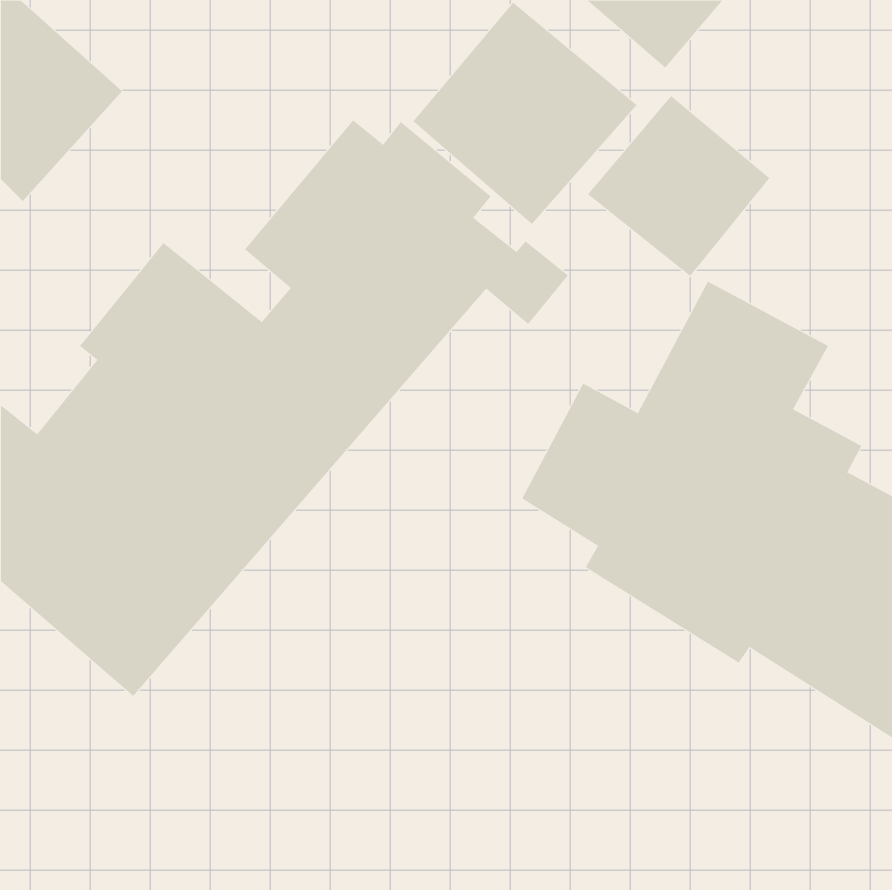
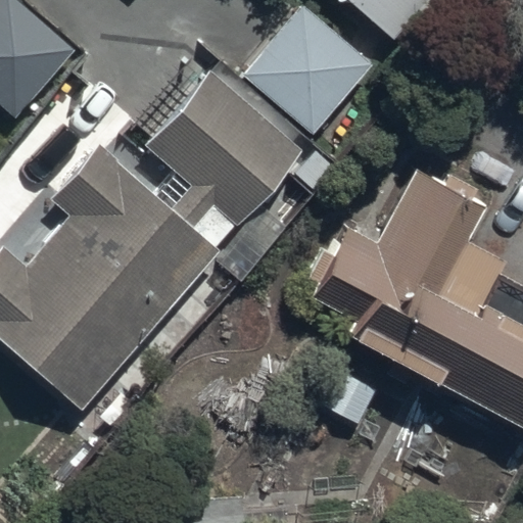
building: [587,95,770,277] -> none

